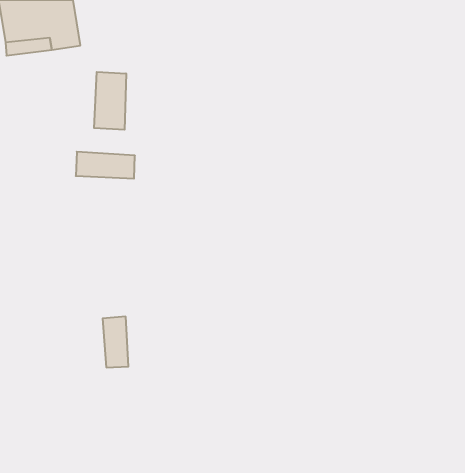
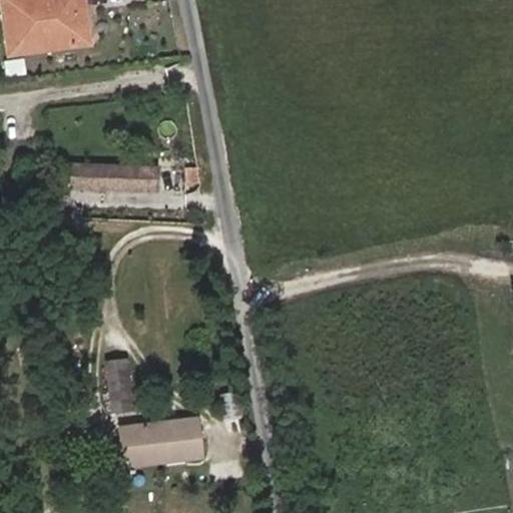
building: [94,72,126,130] -> none
building: none -> [127,413,197,453]

